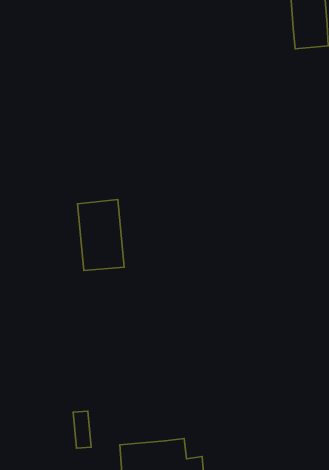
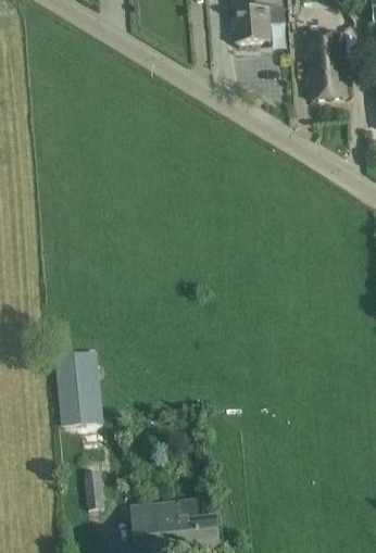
building: [77,199,124,270] -> [55,349,103,422]

